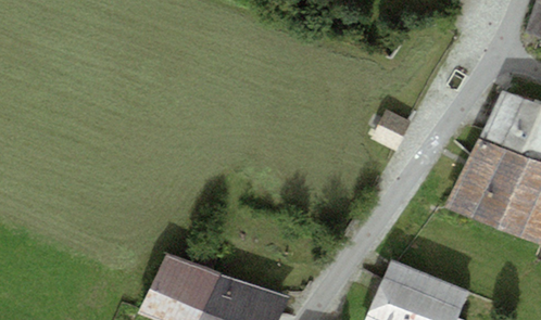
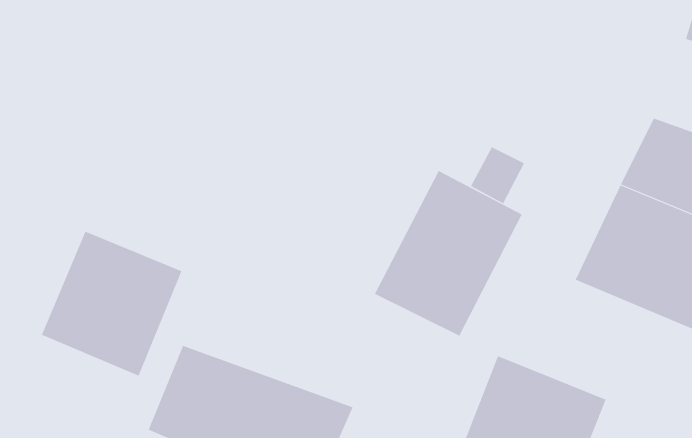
building: none -> [374,170,522,337]
building: none -> [41,231,182,376]

